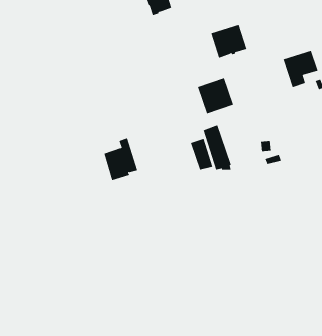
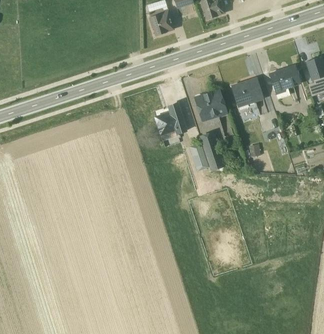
building: [211,24,247,58] -> [231,78,263,108]
building: [104,137,138,181] -> [155,103,185,141]

